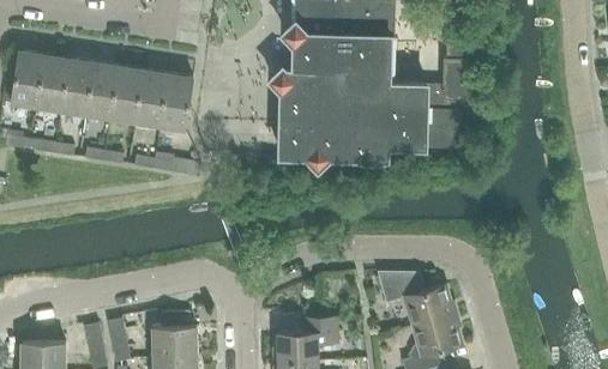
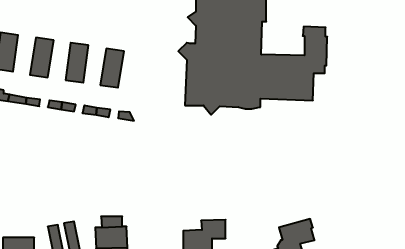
building: [35,56,67,113] -> none
building: [84,63,116,120] -> none
building: [134,71,167,127] -> none
building: [375,273,456,328] -> none

